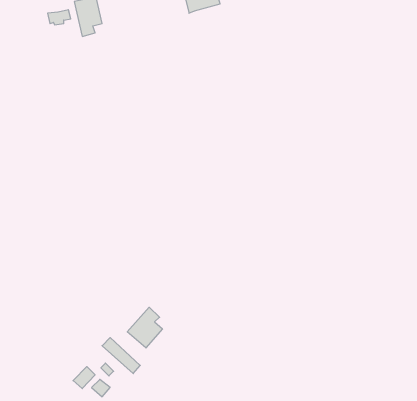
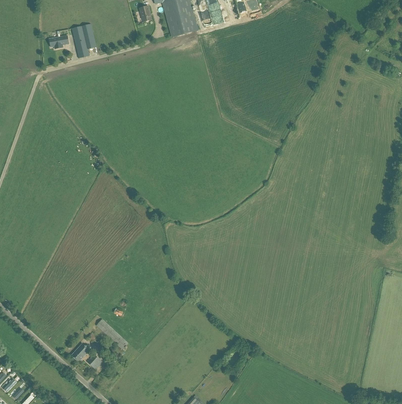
building: [127,307,162,348] -> none

